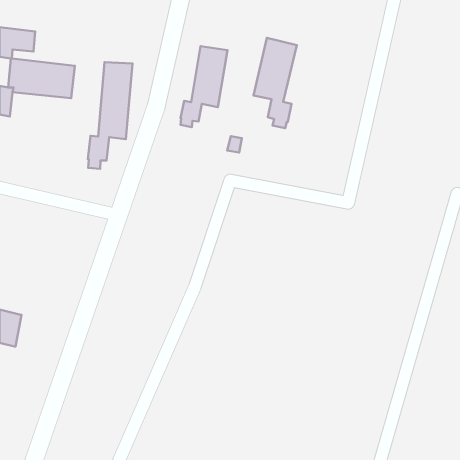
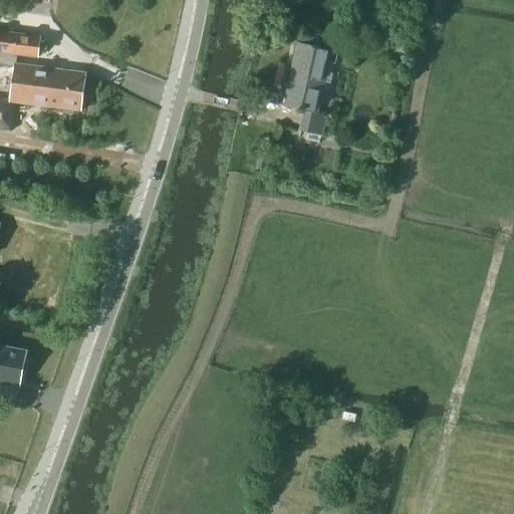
building: [180,46,227,127] -> none
building: [88,62,132,169] -> none

